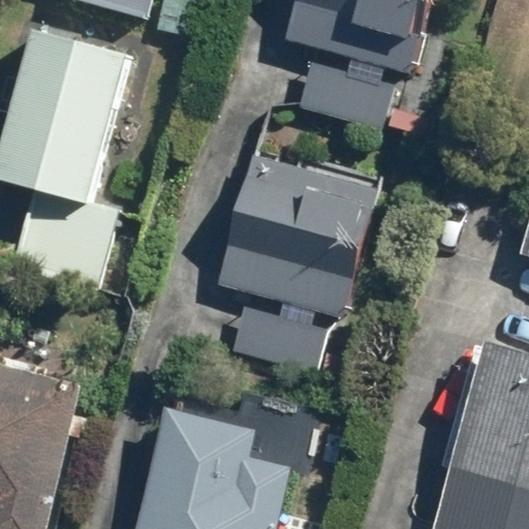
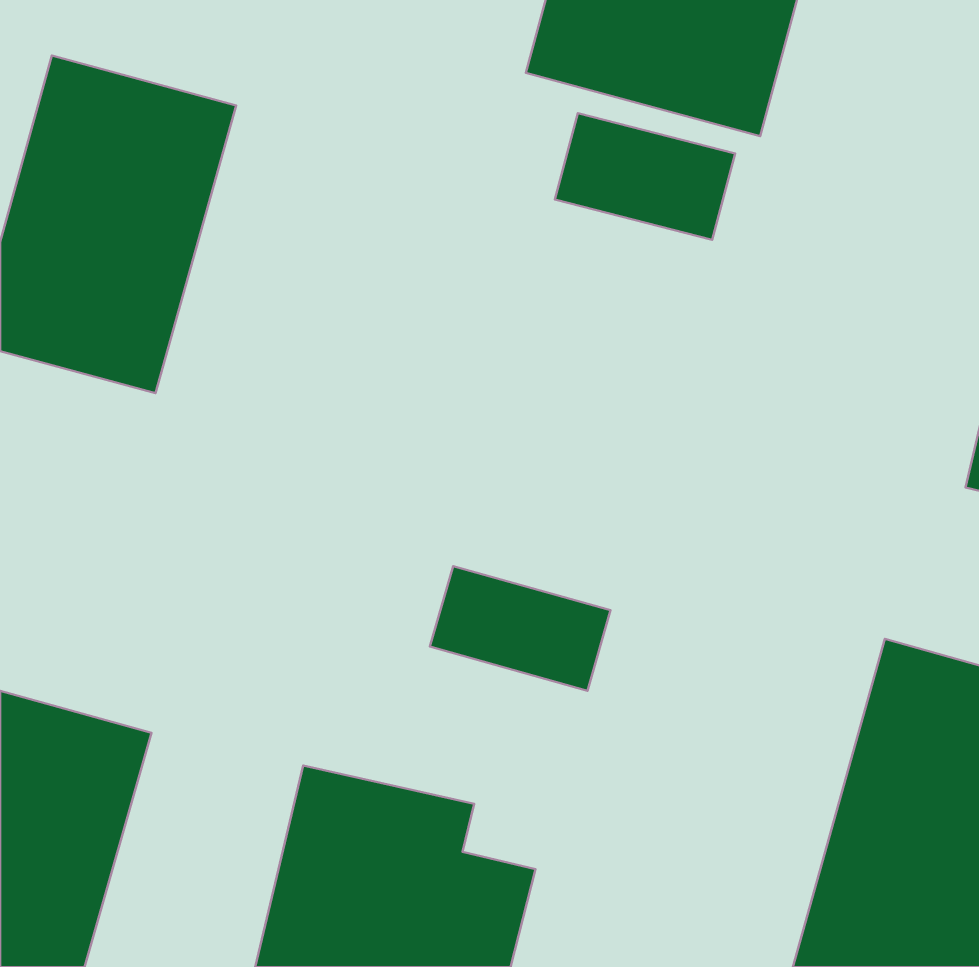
building: [221,150,381,316] -> none

